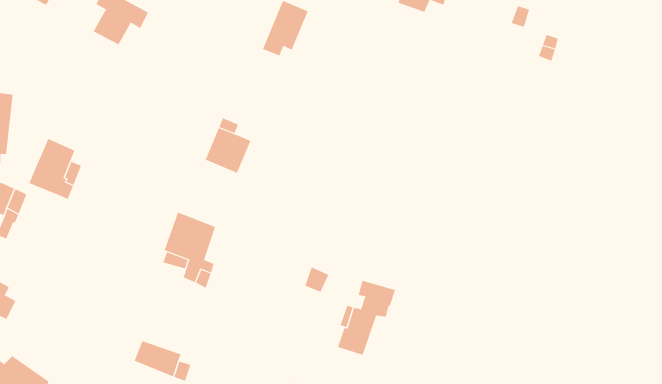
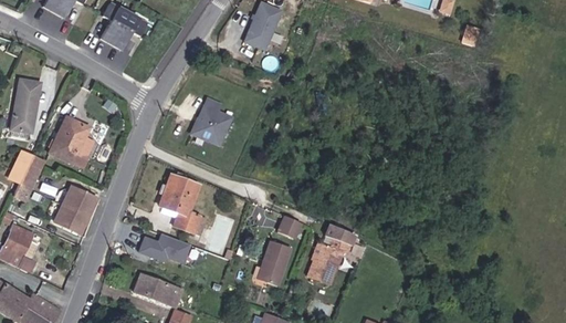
building: none -> [53,185,95,232]
building: none -> [144,232,196,263]
building: none -> [260,242,287,285]

